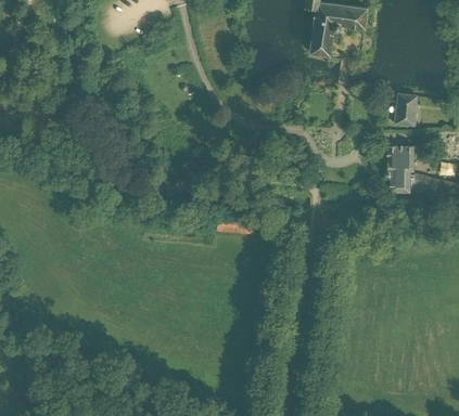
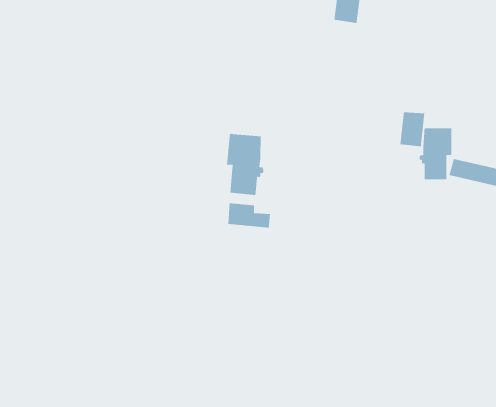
building: [394,93,417,125] -> [399,112,425,147]
building: none -> [226,133,264,196]

